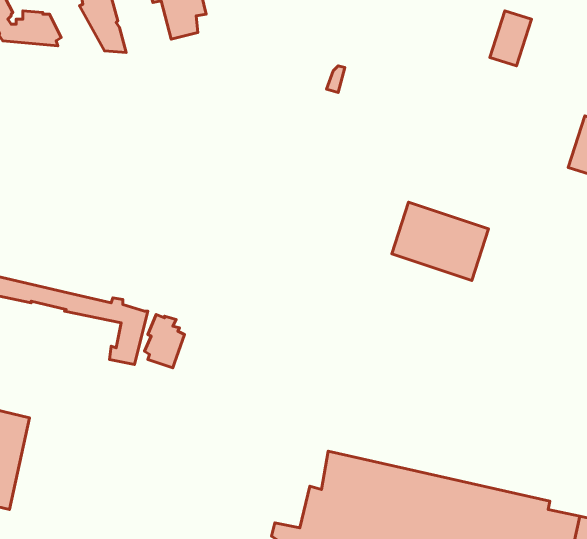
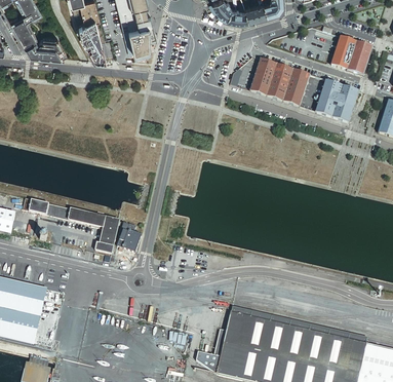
building: none -> [347,40,372,74]
building: none -> [315,79,359,121]
building: [392,202,489,281] -> [250,58,310,106]

